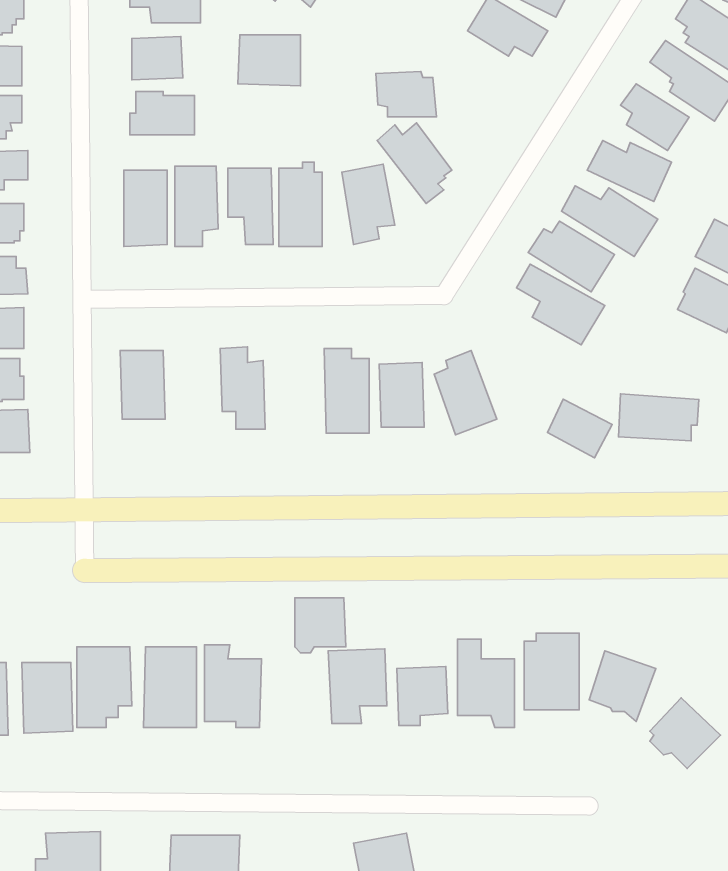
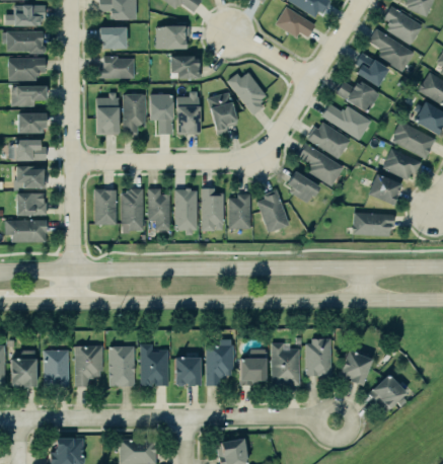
building: [376,72,437,117] -> [170,56,202,79]
building: none -> [368,174,401,206]
building: none -> [175,189,198,233]
building: none -> [123,190,145,231]
building: [547,399,612,458] -> [287,172,320,203]
building: [295,598,346,653] -> [173,353,200,381]

